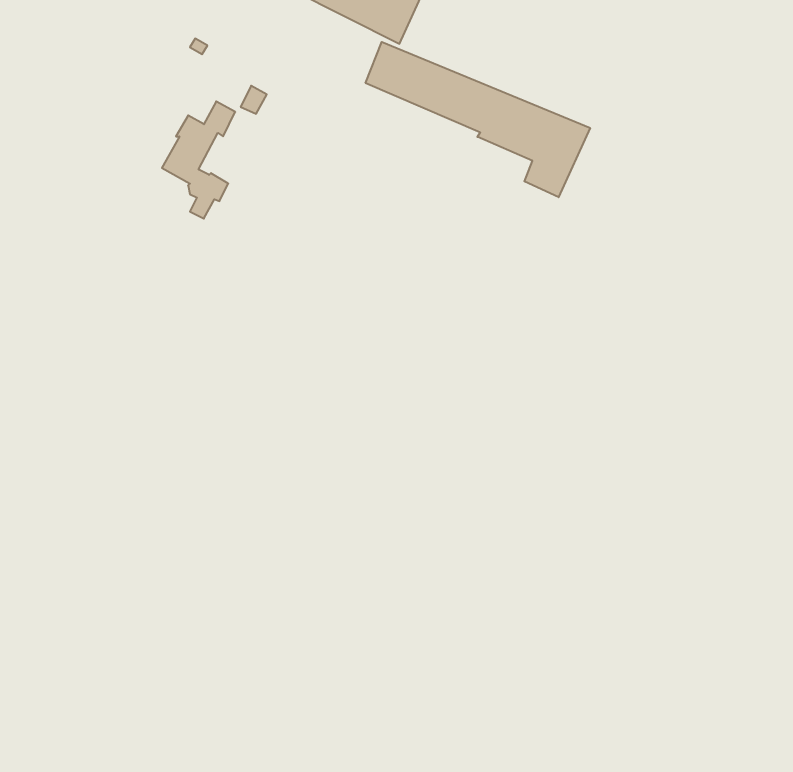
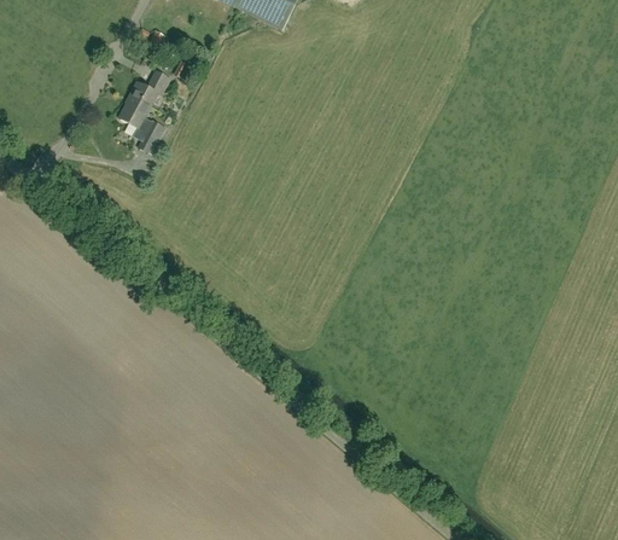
building: [366,42,590,197] -> none

